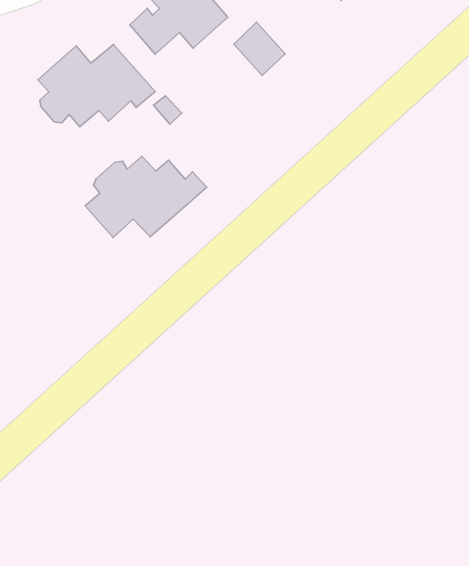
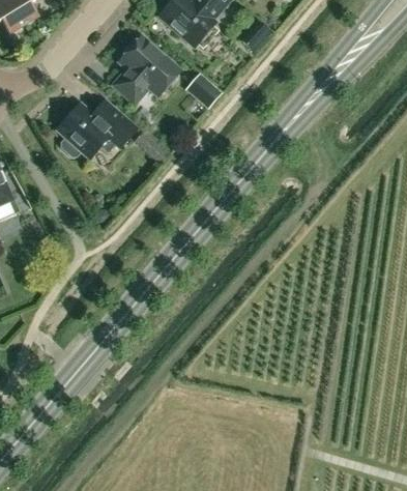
building: [85,156,207,238] -> none

